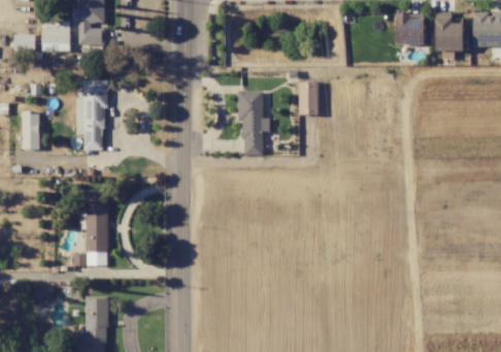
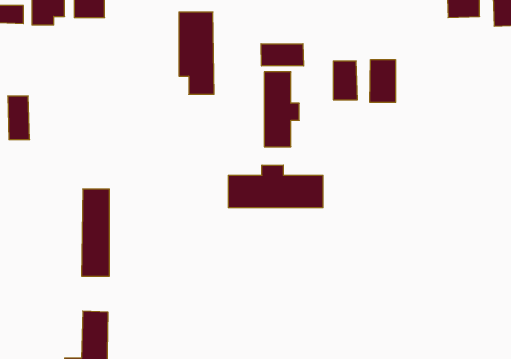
building: none -> [261,44,304,66]
building: [76,81,106,151] -> [179,12,214,94]
building: none -> [370,60,396,102]
building: none -> [228,165,323,208]

